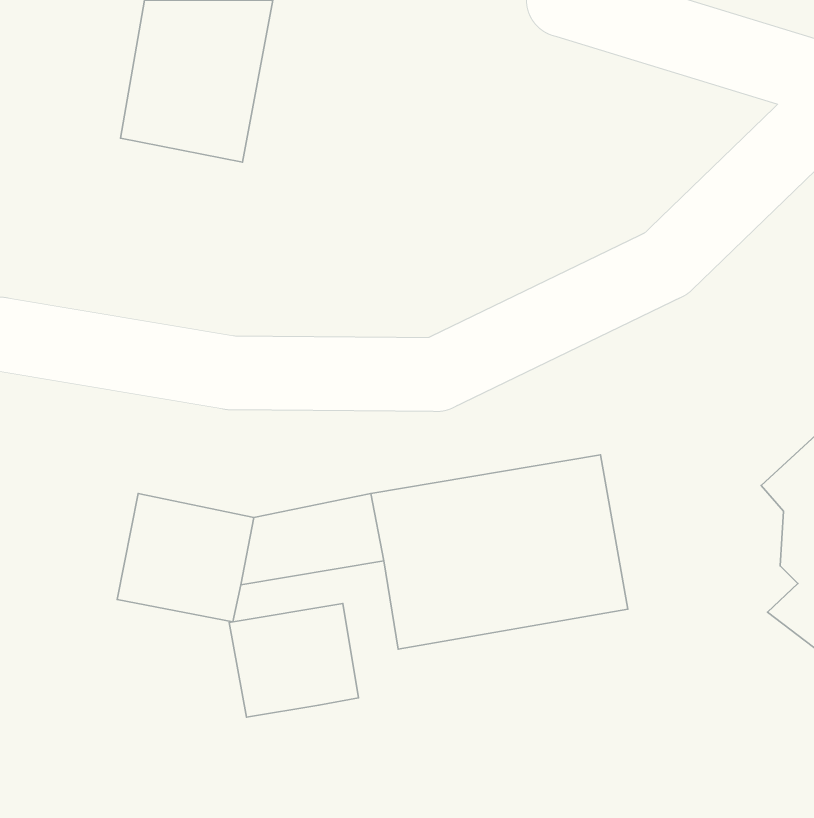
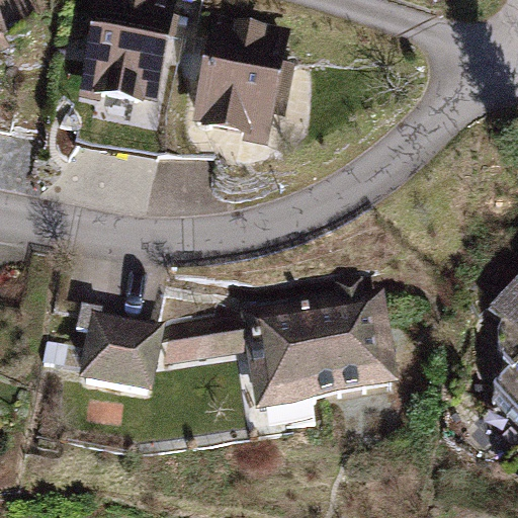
building: none -> [188,17,293,138]
building: [229,603,359,717] -> none

